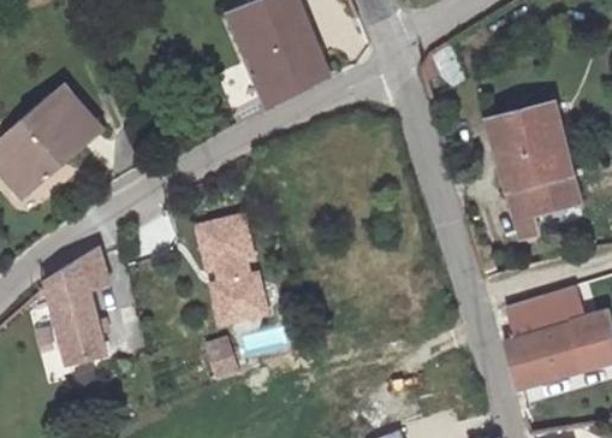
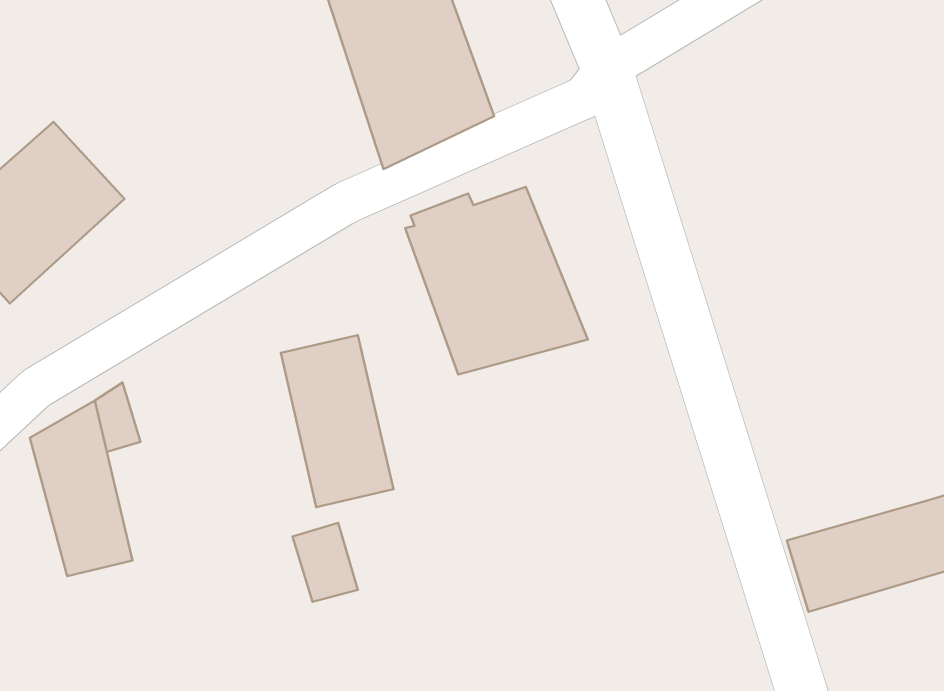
building: [488,97,583,237] -> none
building: none -> [405,187,588,374]
building: [507,289,588,338] -> none

